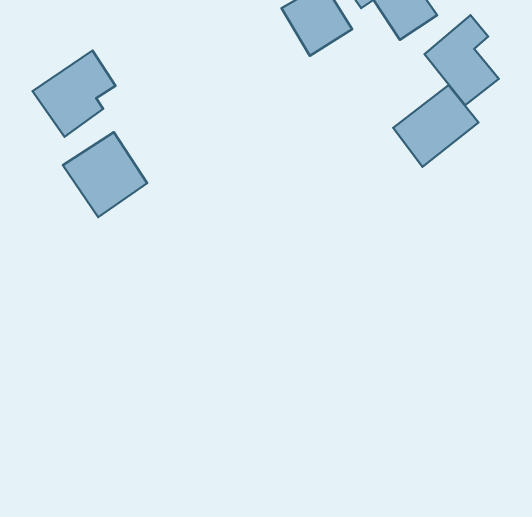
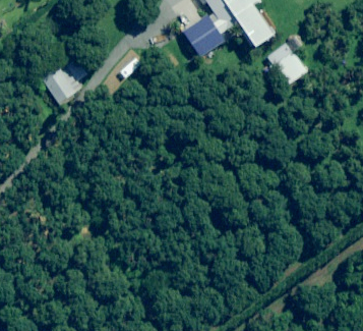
building: [393,85,479,167] -> none
building: [63,132,147,217] -> none

